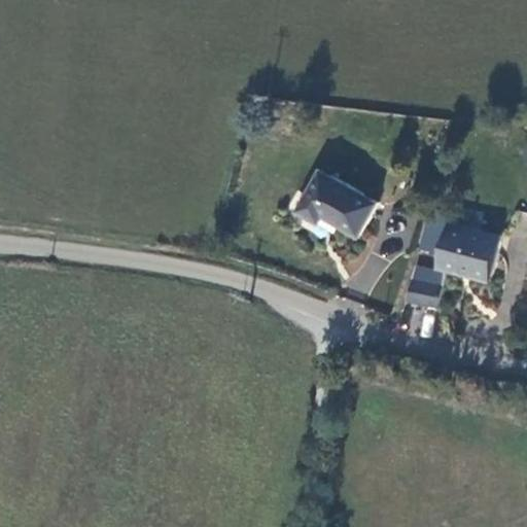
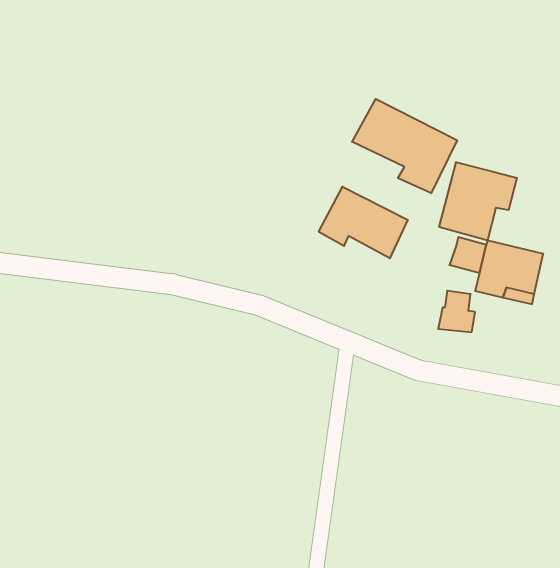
building: none -> [352,99,457,193]
building: none -> [439,162,517,240]

